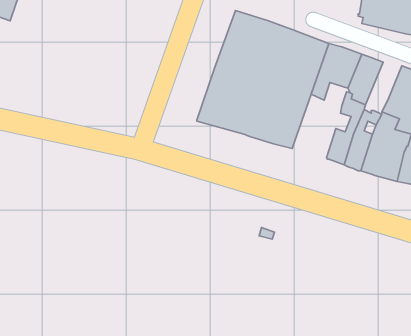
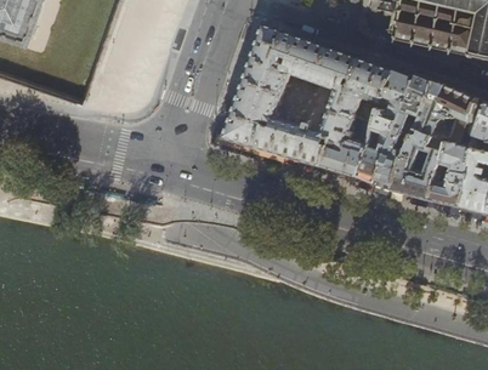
building: none -> [397,75,436,131]
building: none -> [323,112,374,177]

